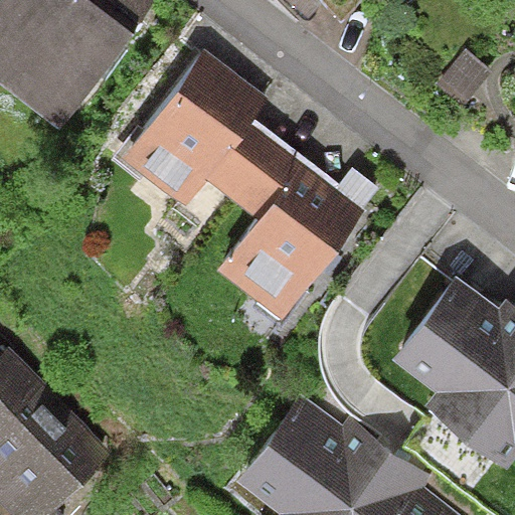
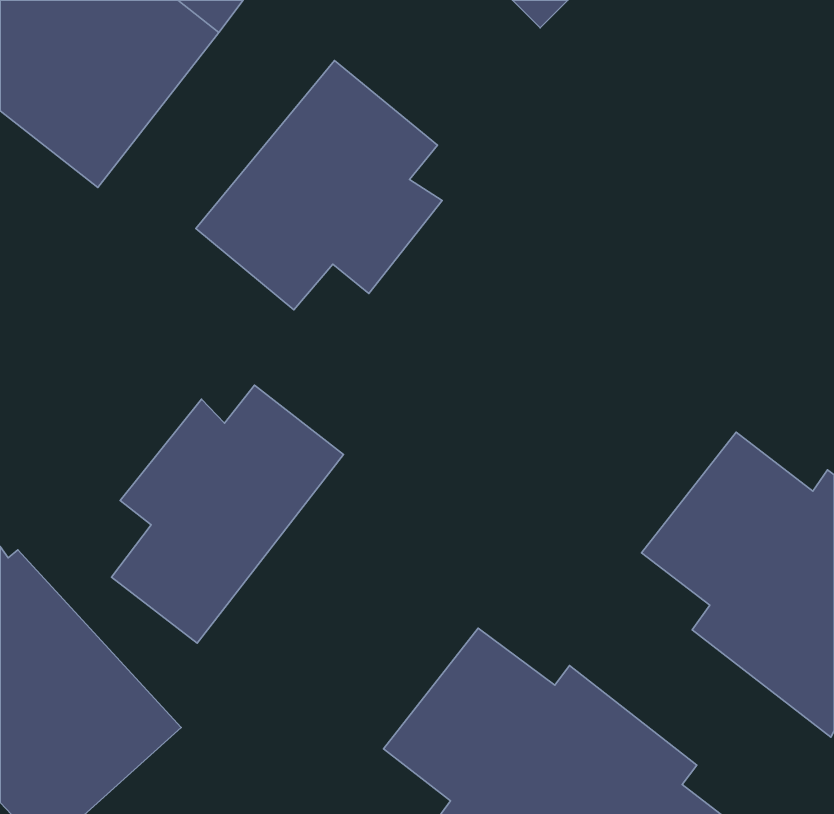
building: [218,136,371,321] -> none
building: none -> [111,385,344,643]

